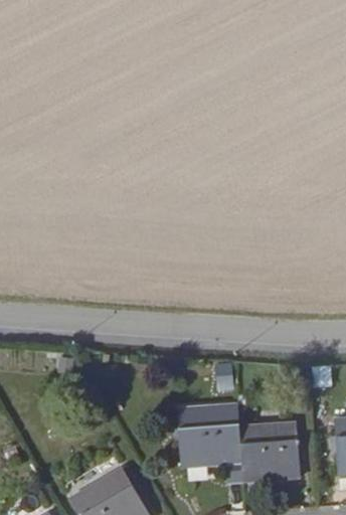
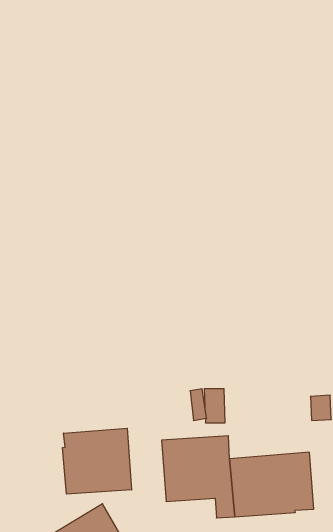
building: none -> [63,428,132,494]

